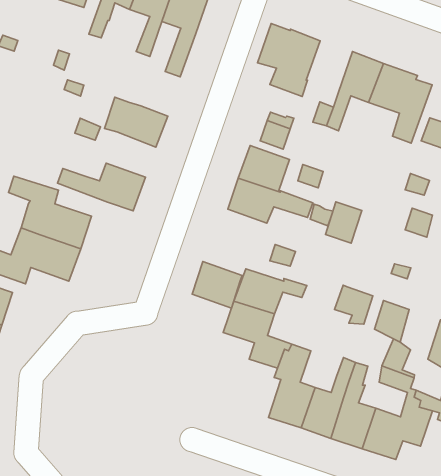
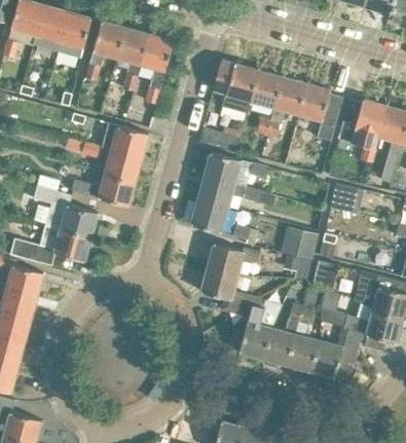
building: none -> [249,71,282,108]
building: none -> [105,149,141,181]
building: [325,202,362,243] -> [290,227,316,257]
building: [192,262,242,308] -> [191,200,227,233]

